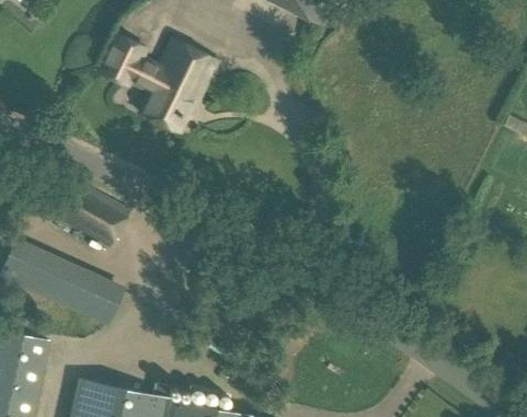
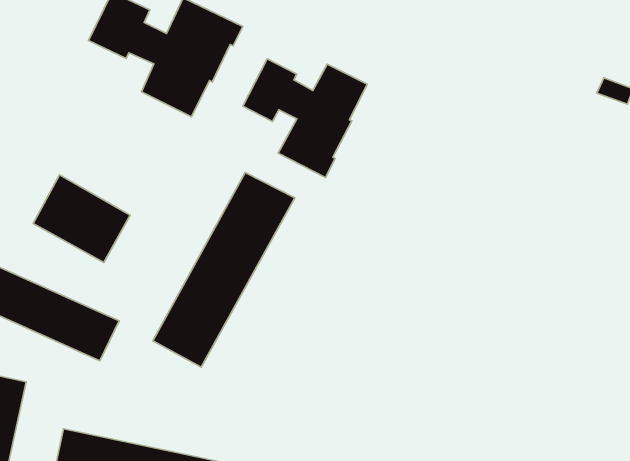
building: none -> [243,59,367,178]
building: none -> [153,172,295,367]

